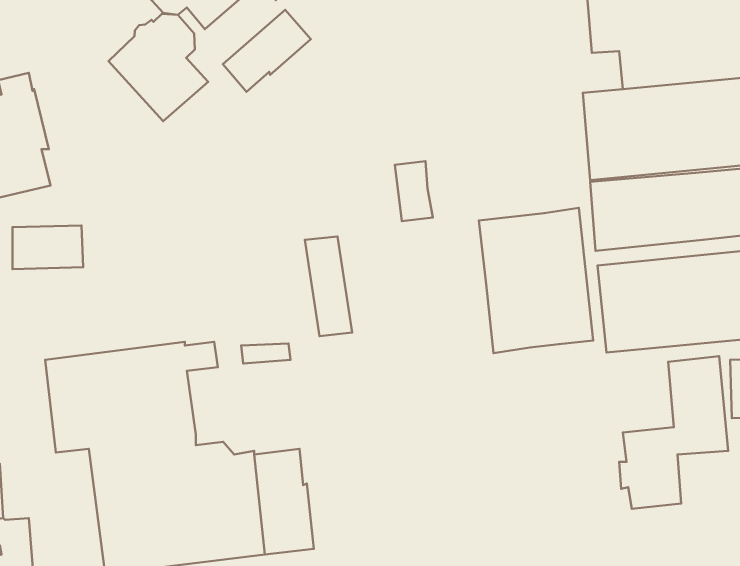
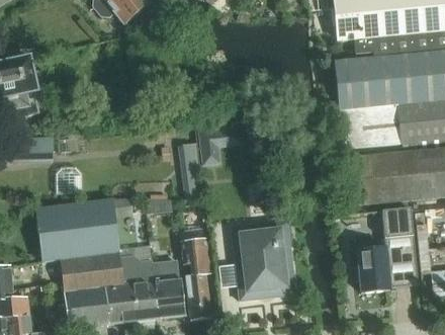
building: [223,10,311,92] -> none
building: [109,14,208,121] -> none
building: [395,161,433,221] -> [199,130,220,163]
building: [479,208,593,353] -> [232,219,295,300]
building: none -> [181,237,211,319]

